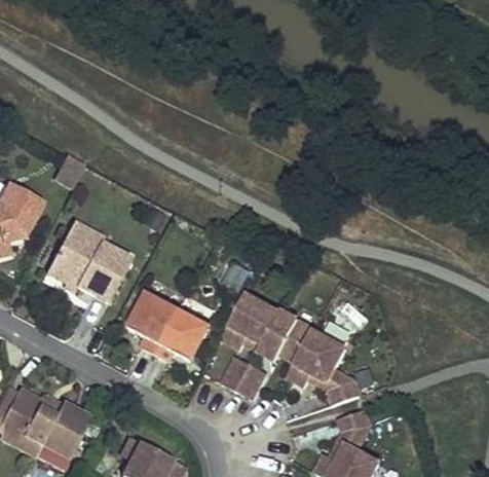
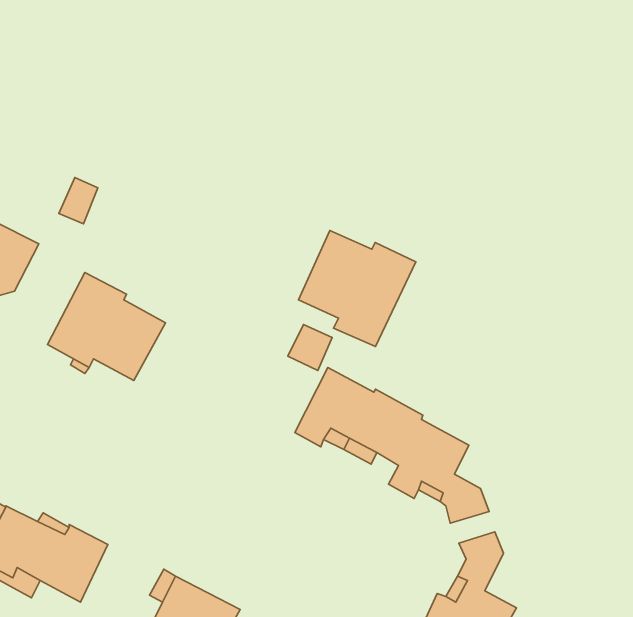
building: none -> [299,231,416,347]
building: [127,293,209,362] -> none
building: [222,355,265,399] -> none

